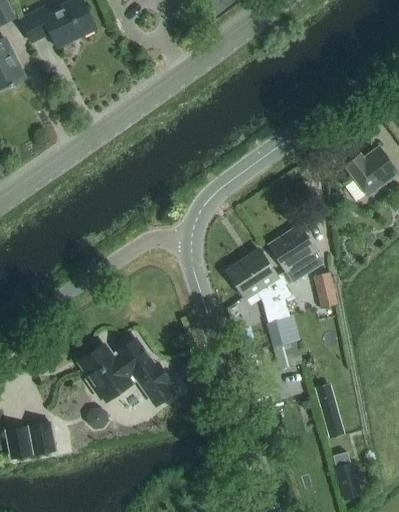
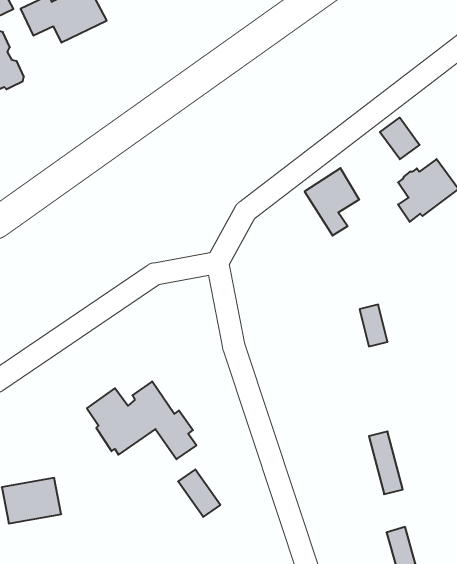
building: none -> [380,118,420,159]
building: [269,224,316,282] -> [305,168,359,236]
building: [227,249,302,368] -> none
building: none -> [178,469,220,517]

